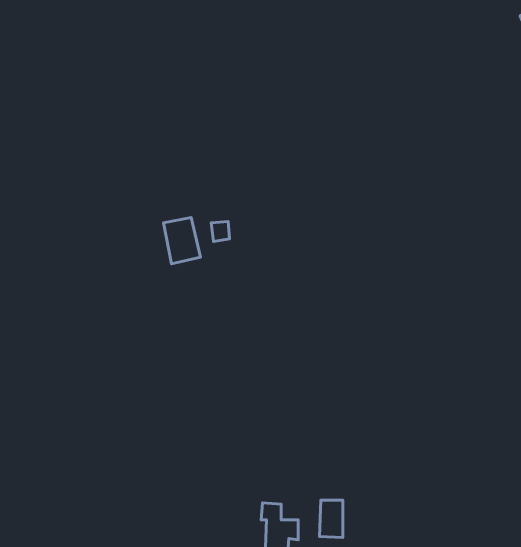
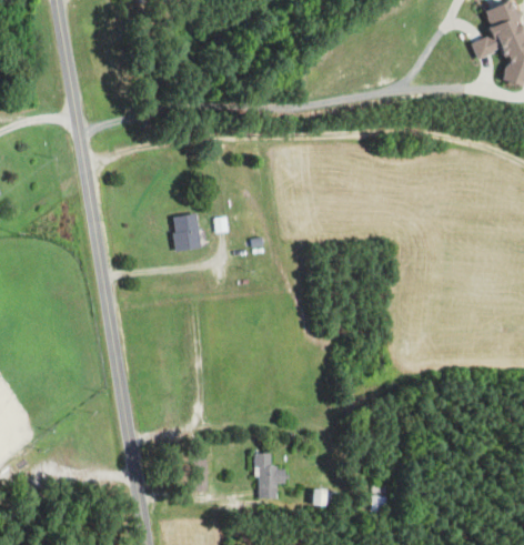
building: [320,500,343,537] -> none

